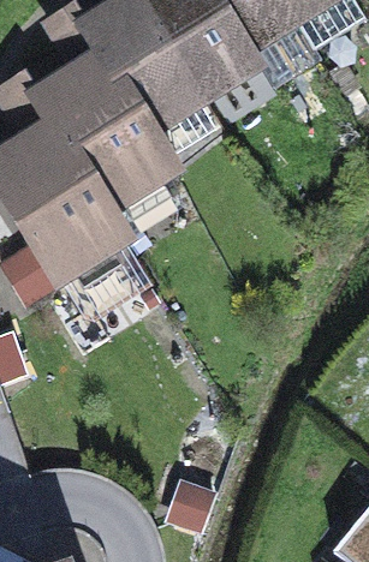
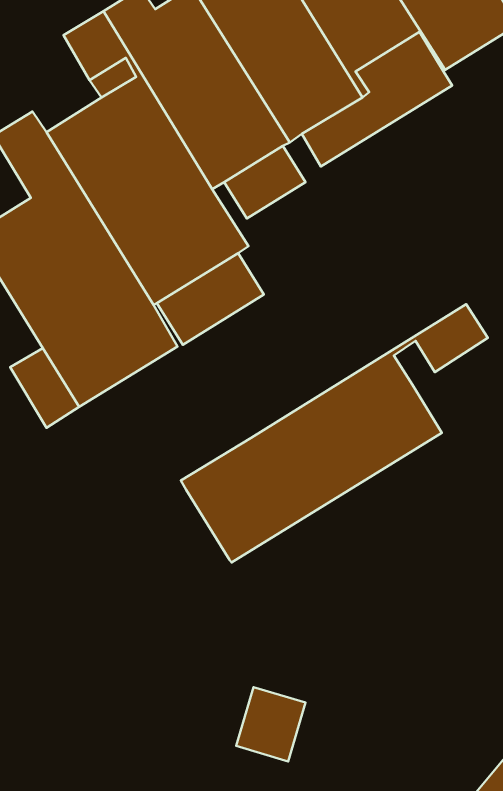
building: none -> [181,304,488,563]

